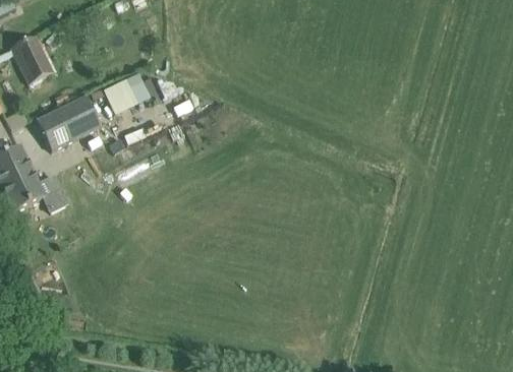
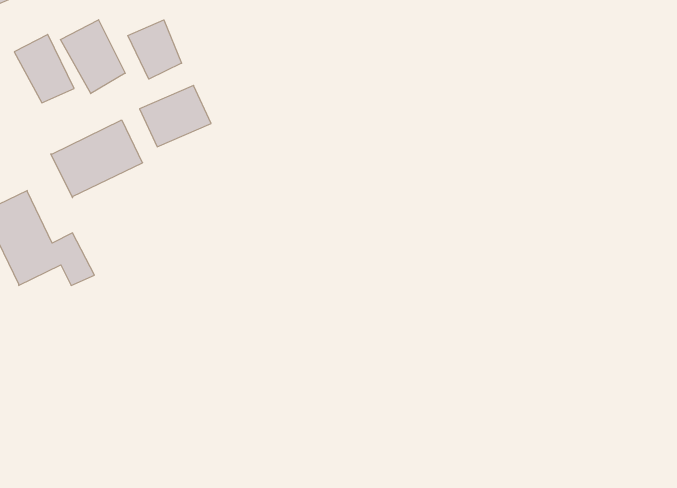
building: none -> [60,20,125,94]
building: none -> [128,20,182,79]

